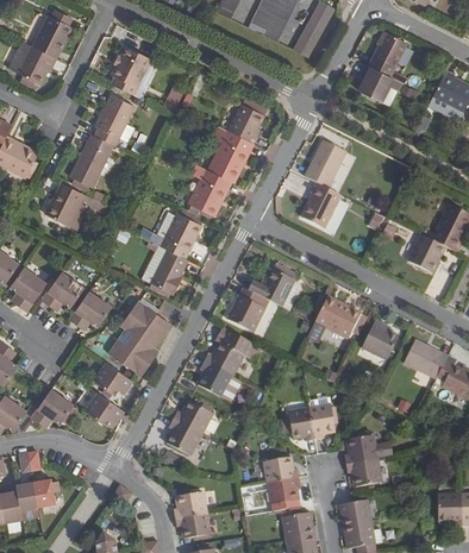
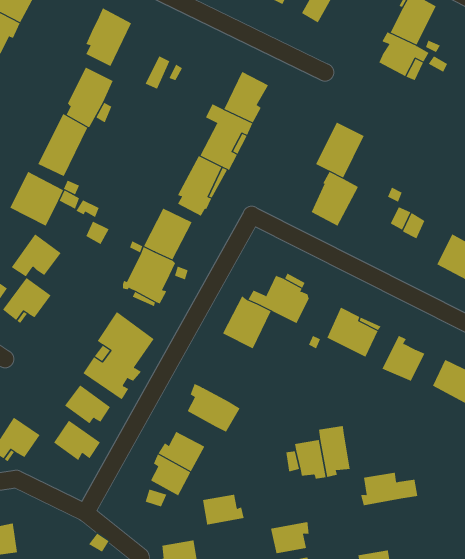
building: [68,290,111,327] -> [11,233,62,277]
building: [210,326,261,376] -> none
building: [263,457,299,483] -> [202,494,245,525]
building: [345,458,381,486] -> none

